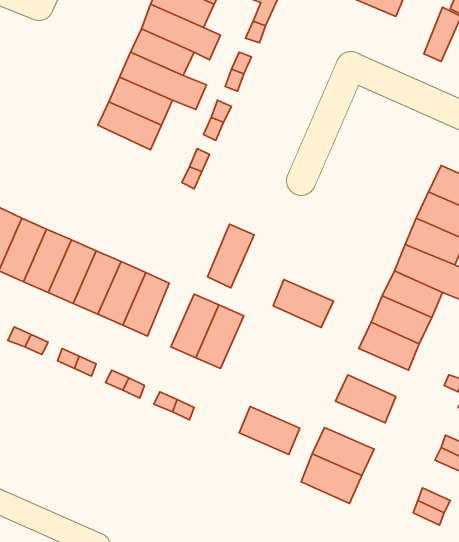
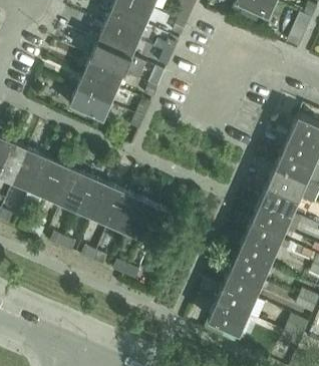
building: none -> [69,89,110,121]
building: [208,224,254,288] -> [108,192,138,233]
building: [273,279,334,328] -> [238,234,277,265]
building: [239,406,300,455] -> [223,268,262,299]

